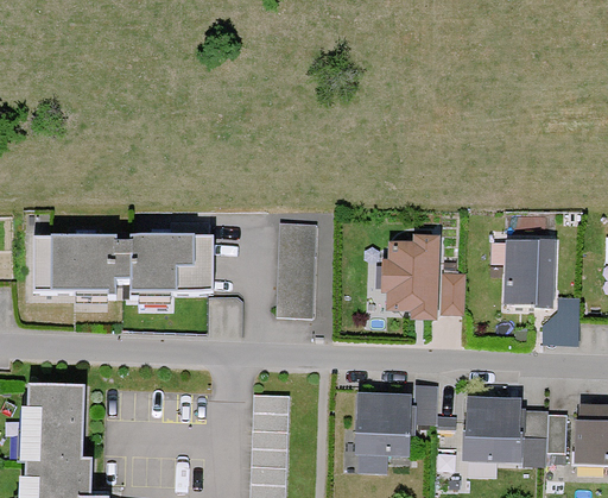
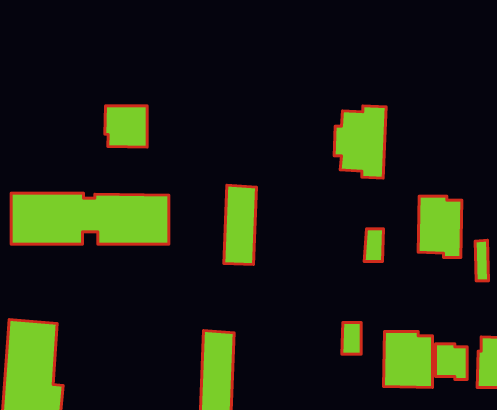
building: none -> [105,106,147,147]
building: [380,235,441,320] -> [334,106,386,178]
building: [355,391,411,471] -> none

